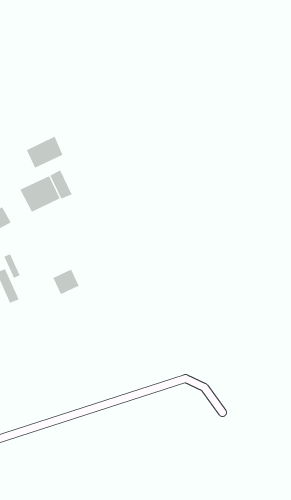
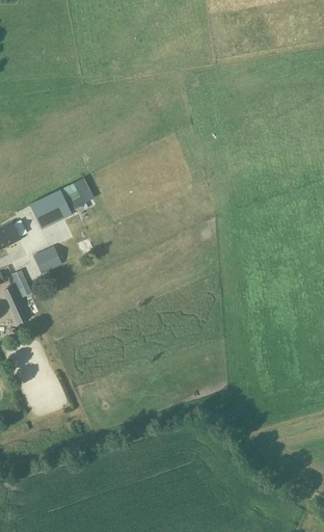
building: [26,136,63,168] -> none
building: [52,269,79,295] -> [33,245,61,272]

